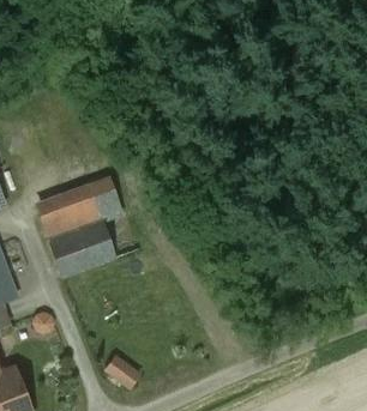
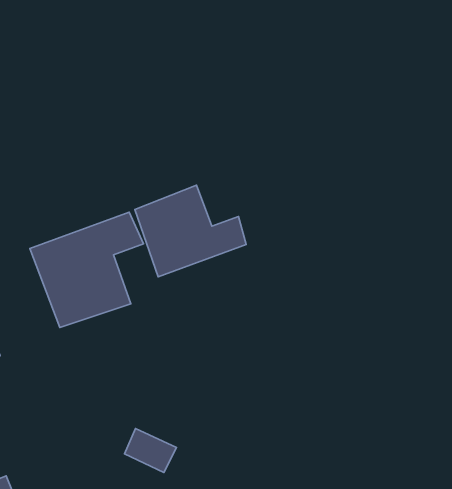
building: none -> [135,185,246,277]

